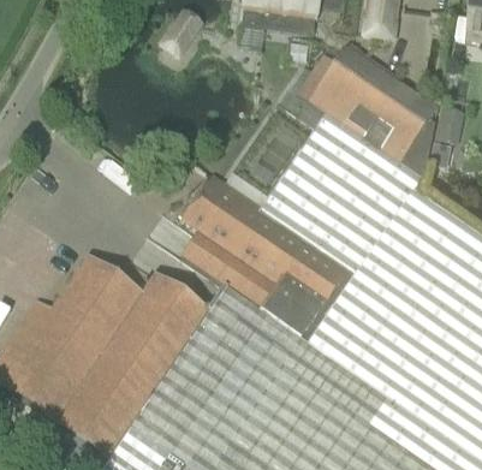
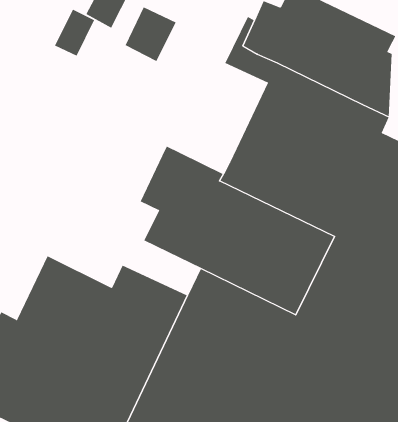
building: none -> [54,9,95,57]
building: none -> [125,7,176,62]

